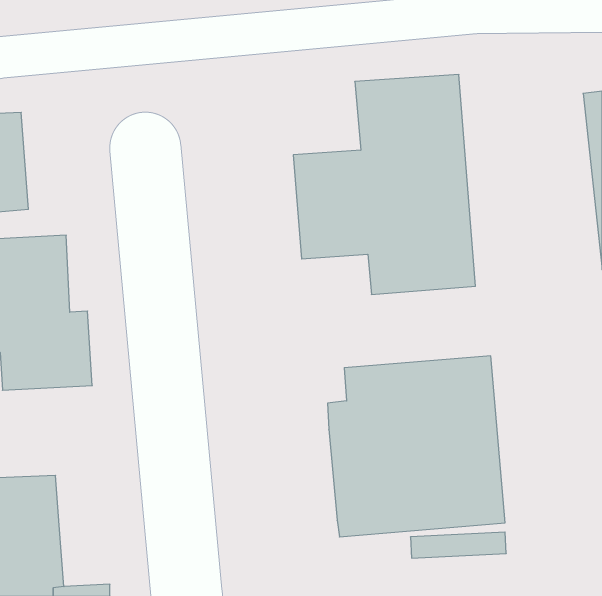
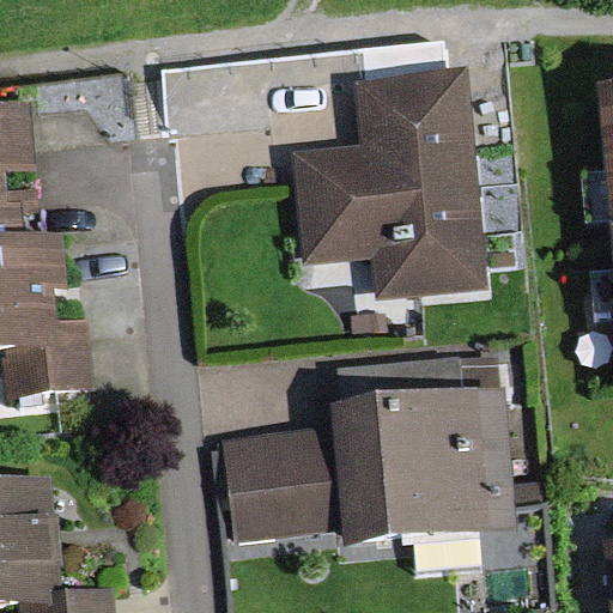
building: none -> [227,435,341,538]

